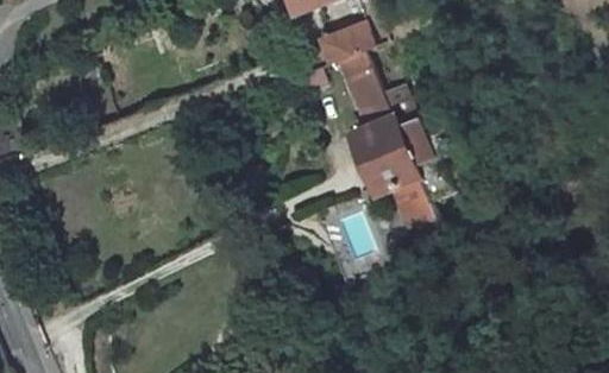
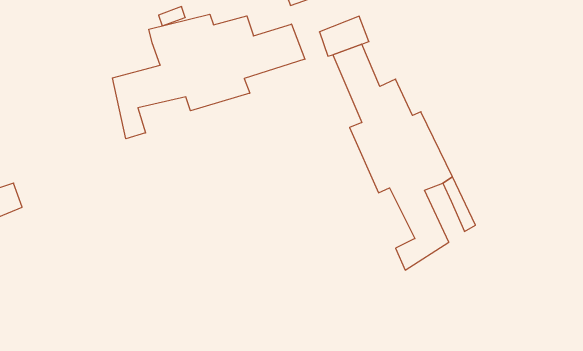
building: none -> [112,14,305,139]

